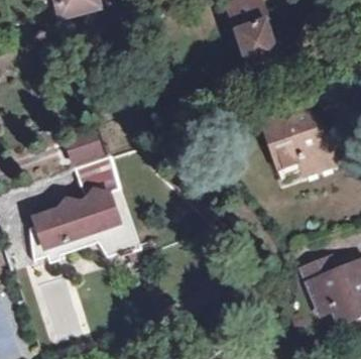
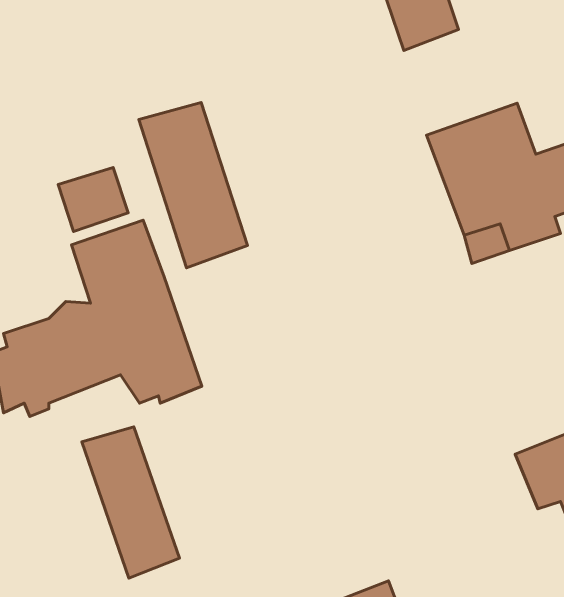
building: none -> [139,102,248,268]
building: none -> [82,427,180,578]

